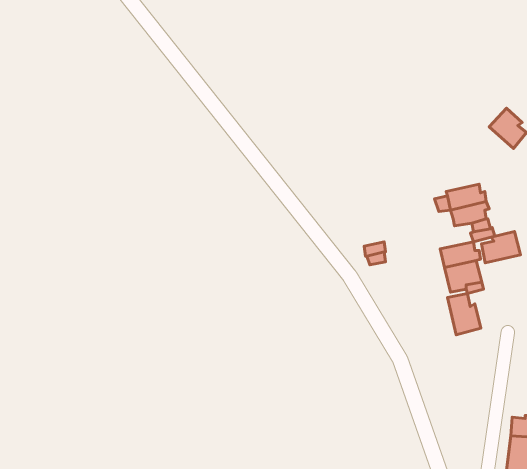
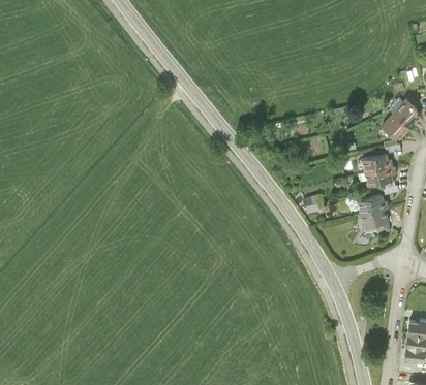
building: none -> [382,114,412,140]
building: [482,231,520,263] -> none
building: [447,293,481,335] -> none

